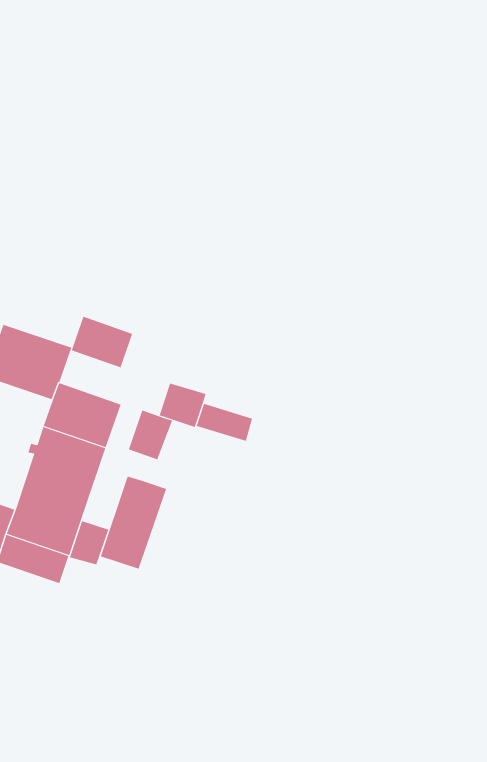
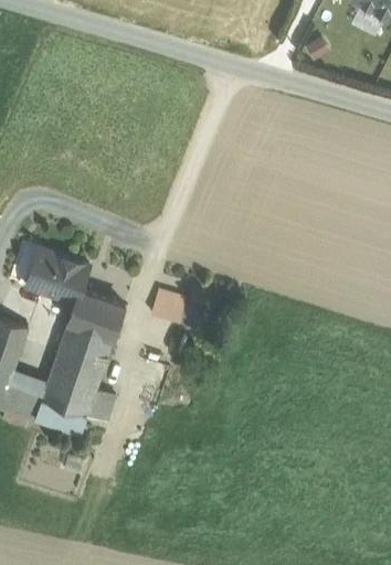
building: [71,316,133,368] -> none
building: [128,409,173,460] -> none
building: [100,476,167,570] -> none

